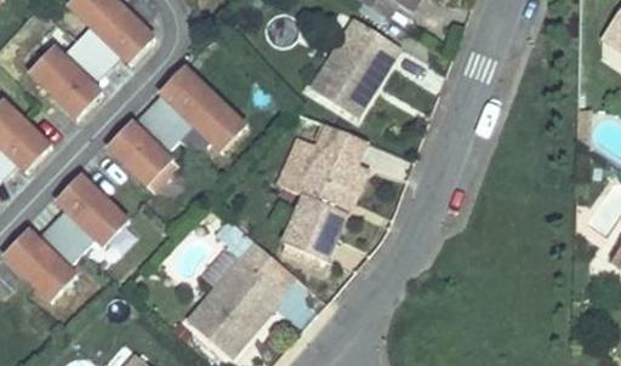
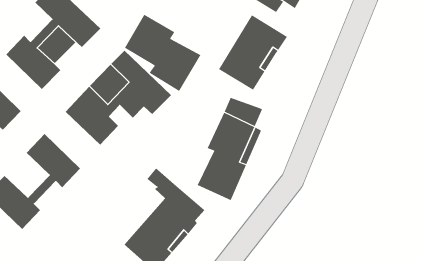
building: none -> [124,14,201,92]
building: [36,207,87,258] -> none

